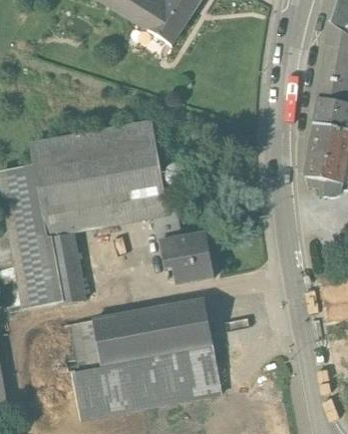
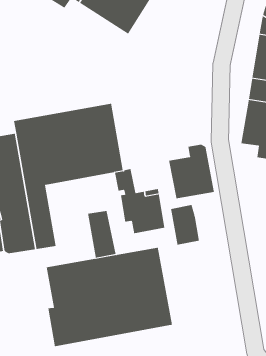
building: none -> [169,144,214,199]
building: none -> [170,204,200,245]
building: none -> [88,210,116,258]

